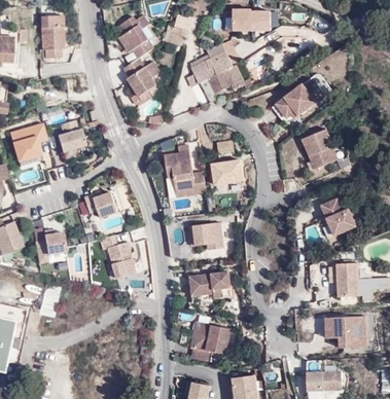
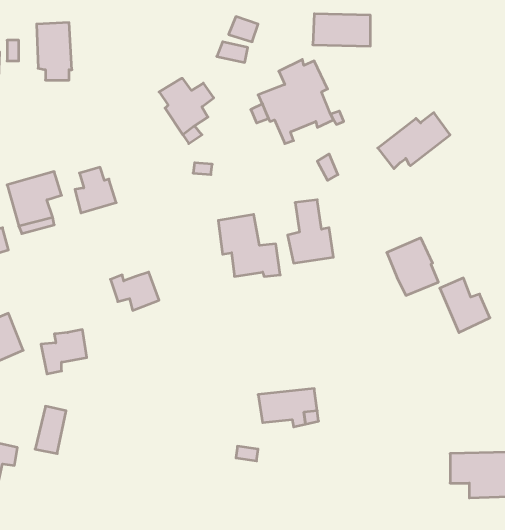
building: [117,13,154,57] -> none
building: [300,126,336,167] -> [387,238,438,295]
building: [194,222,225,251] -> none
building: [103,235,140,280] -> none
building: [328,263,359,298] -> none
building: [189,322,228,362] -> none

